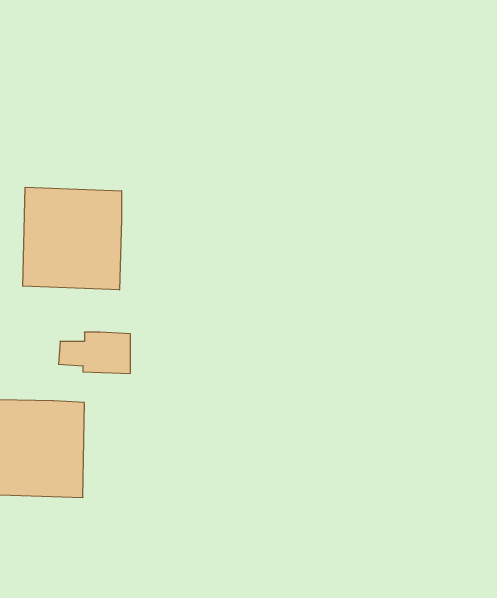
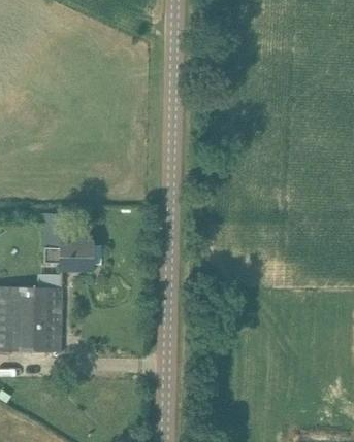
building: [23,187,122,290] -> none

